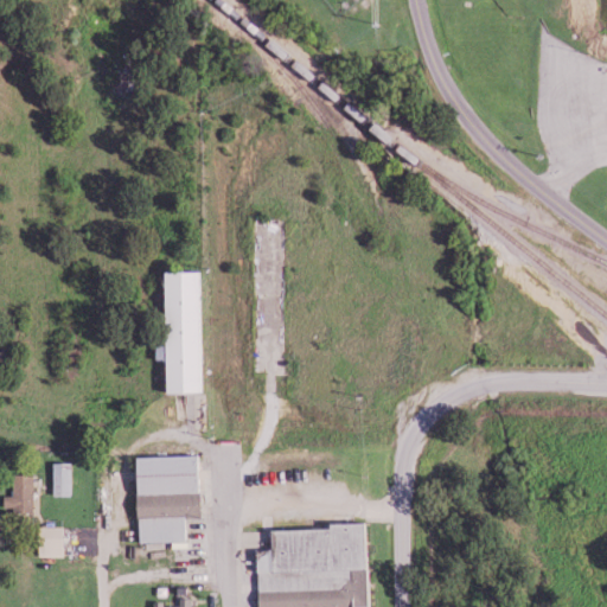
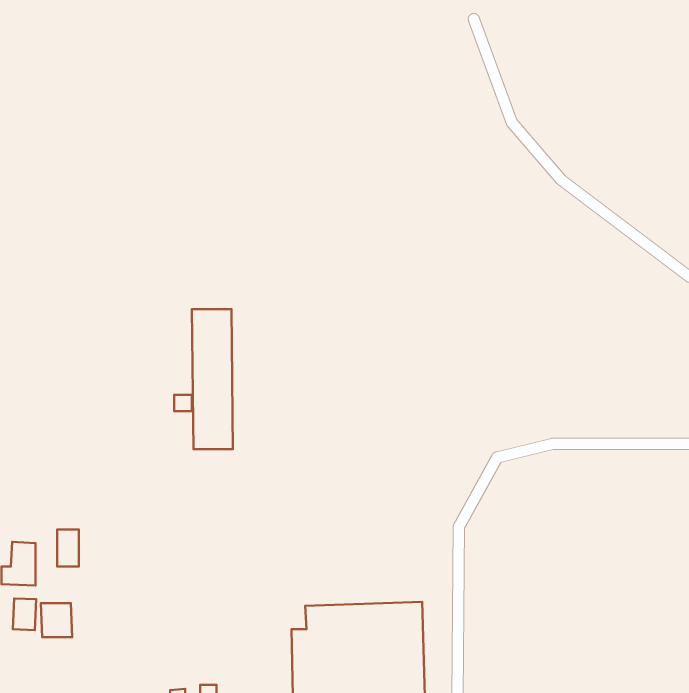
building: [134,456,199,543] -> none
building: none -> [13,598,36,630]

